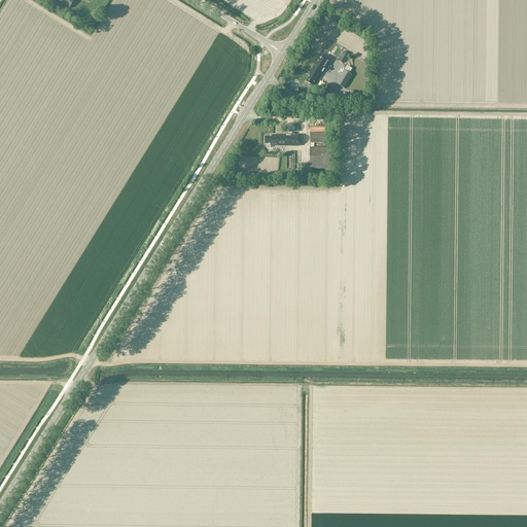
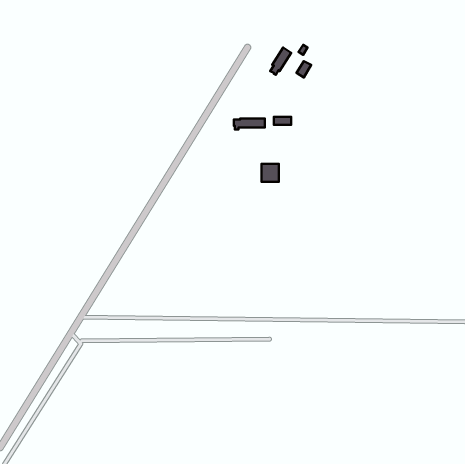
building: [310,146,329,167] -> [262,164,279,182]

